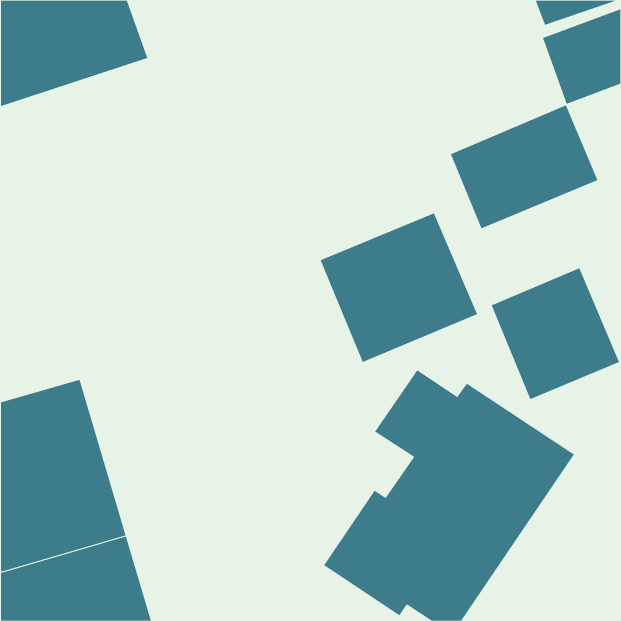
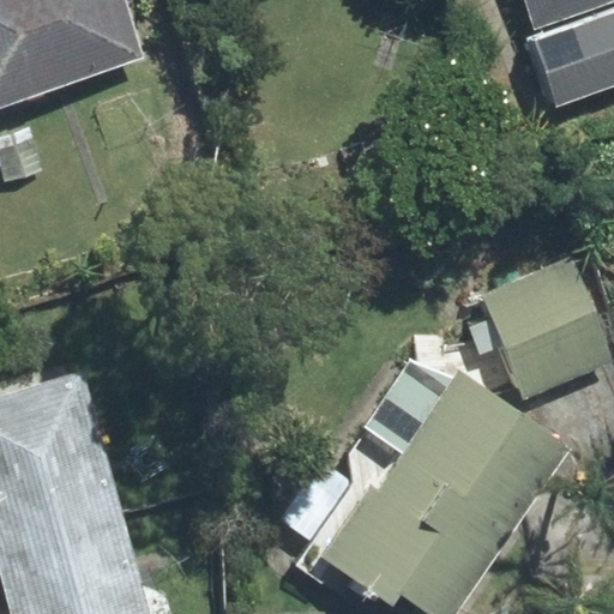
building: [450,105,598,229] -> none
building: [320,212,478,363] -> none

